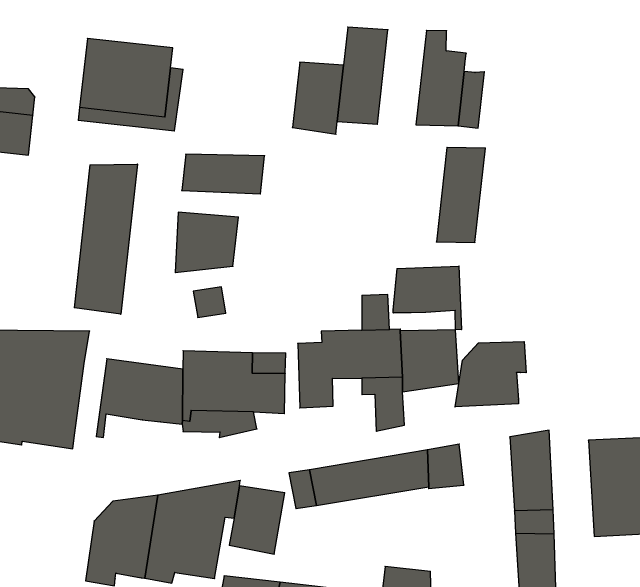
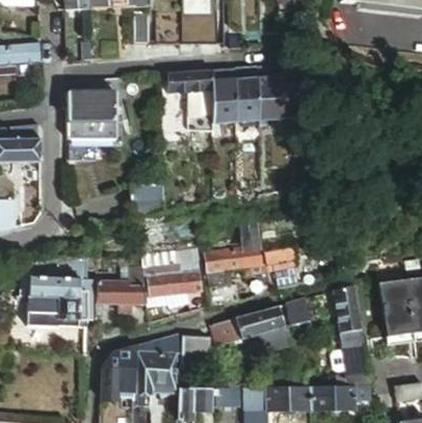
building: [436,147,485,242] -> [237,67,259,123]
building: [182,154,265,194] -> [169,70,214,95]
building: [74,164,137,314] -> none
building: [393,266,461,330] -> none
building: [455,342,526,407] -> none

